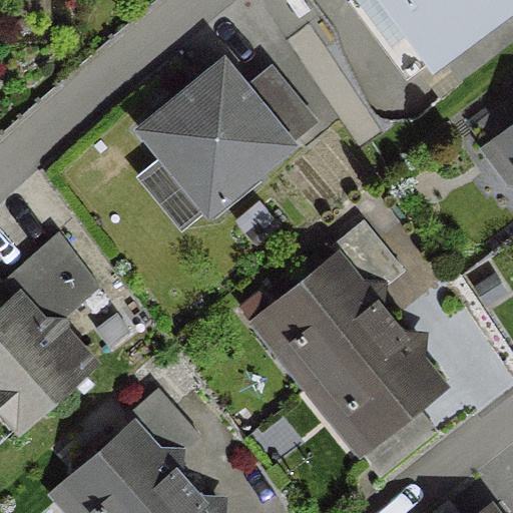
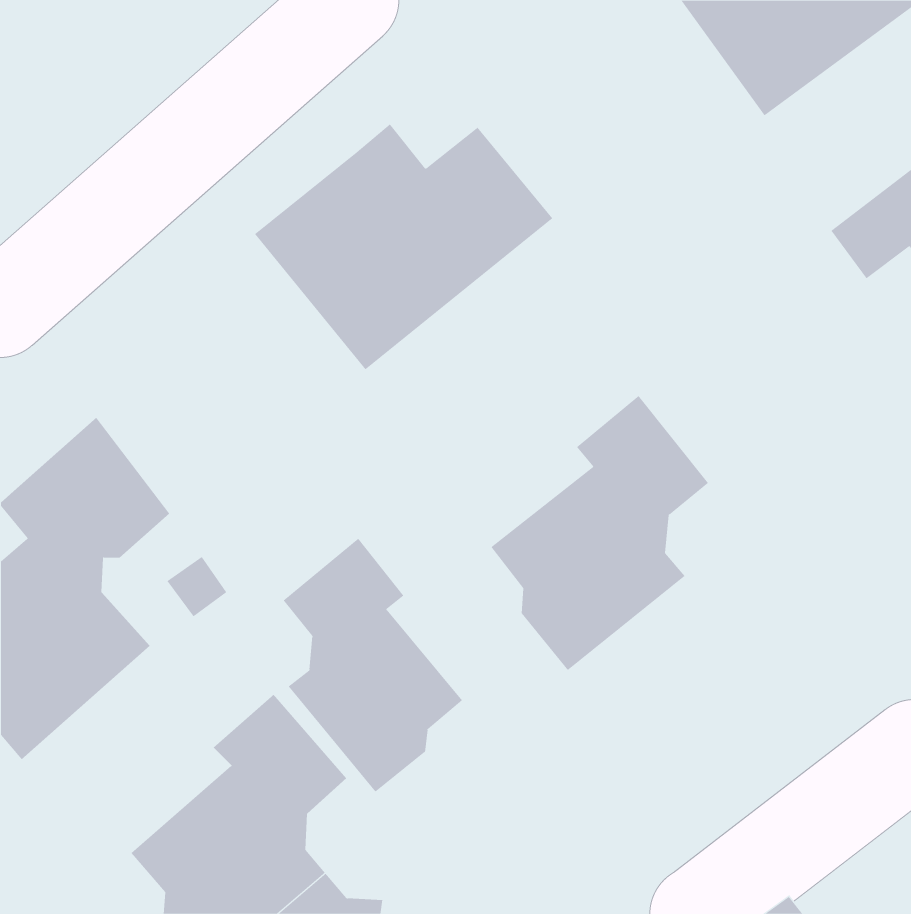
building: none -> [283,538,463,793]
building: [303,323,436,478] -> none

